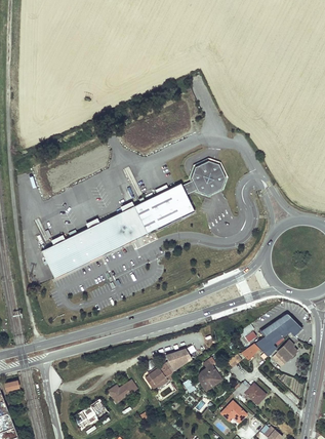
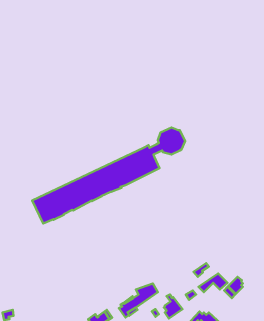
building: [259,314,300,347] -> none

